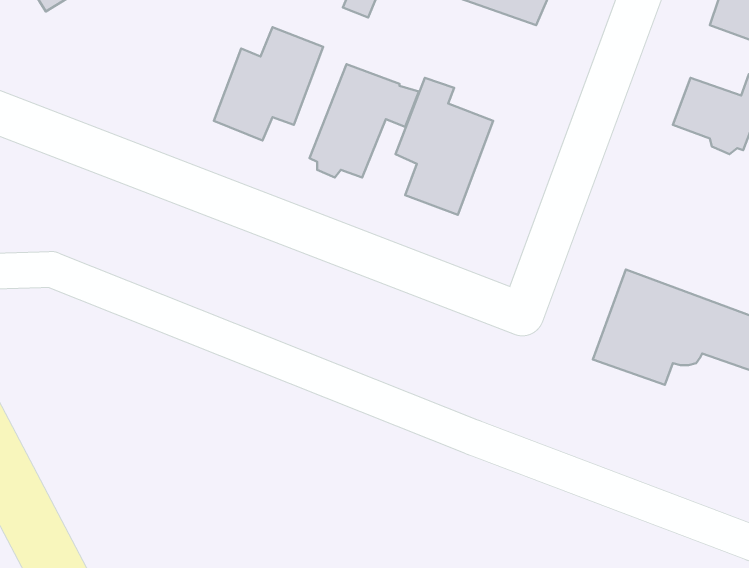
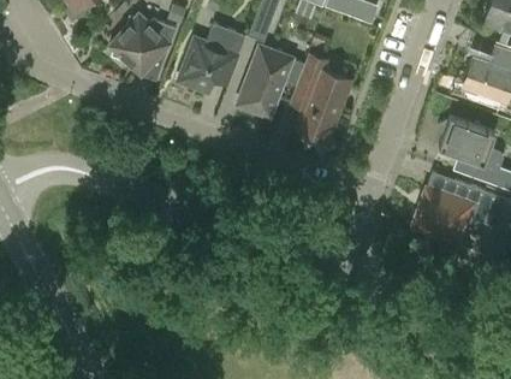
building: none -> [109,14,177,81]
building: none -> [436,118,503,184]

